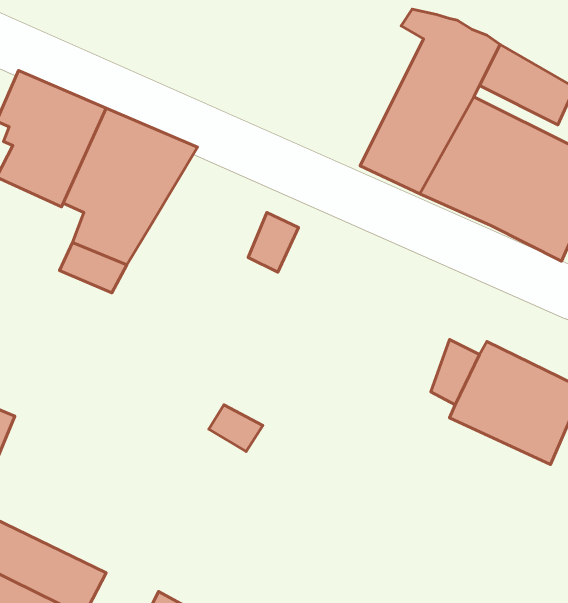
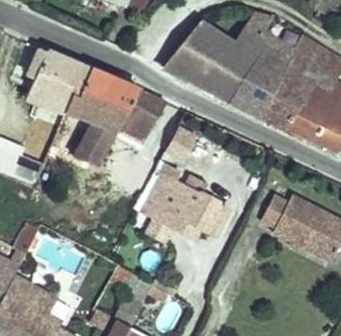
building: none -> [163,18,260,96]
building: none -> [114,86,164,140]
building: none -> [143,174,230,234]

